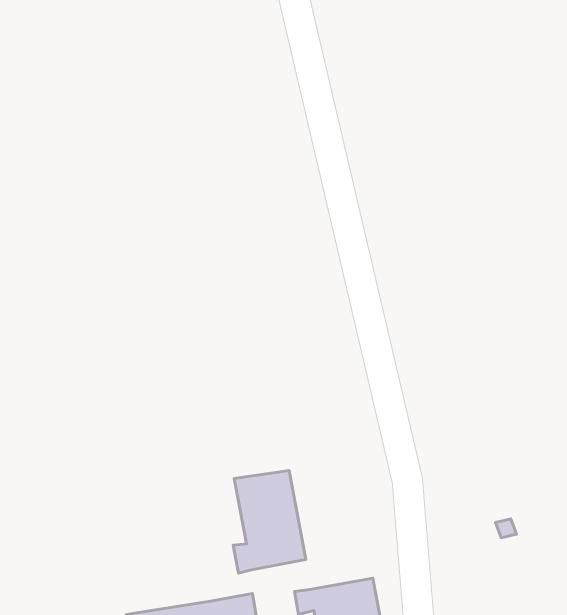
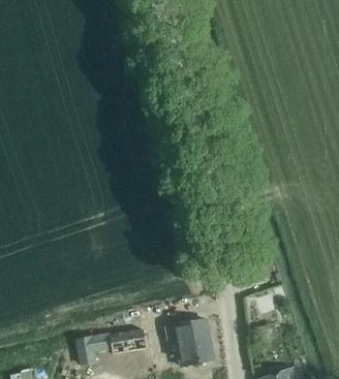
building: [233,470,306,573] -> none

